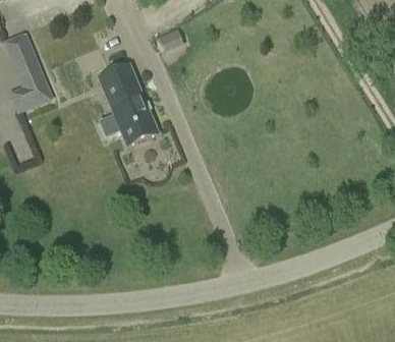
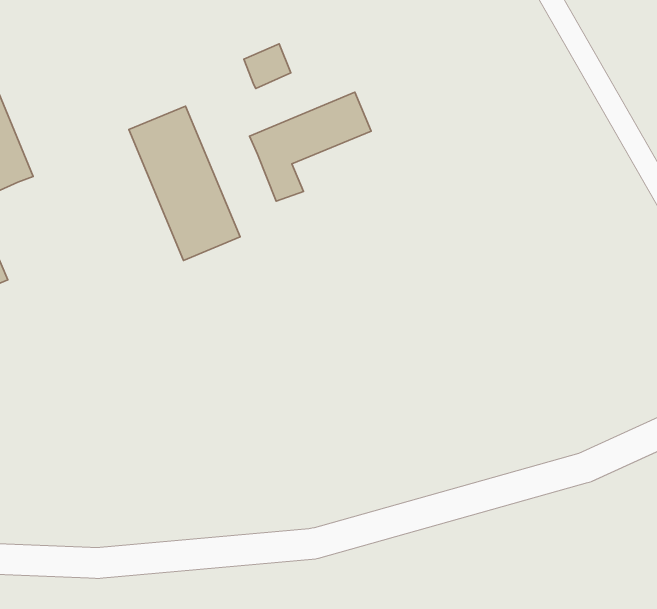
building: none -> [250,92,371,201]

